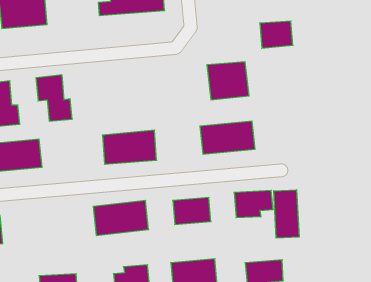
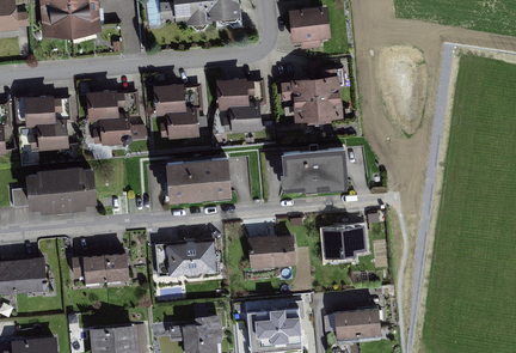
building: [260,21,293,48] -> [288,10,327,42]
building: none -> [216,79,258,132]
building: none -> [154,84,197,139]
building: [274,190,299,238] -> none
building: none -> [81,254,129,284]

